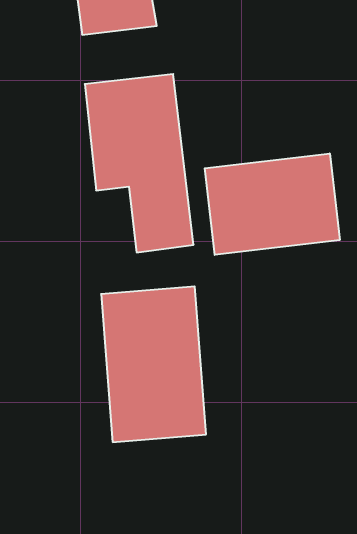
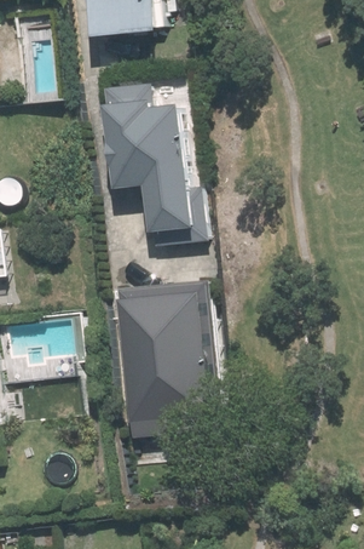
building: [205,153,340,255] -> none

